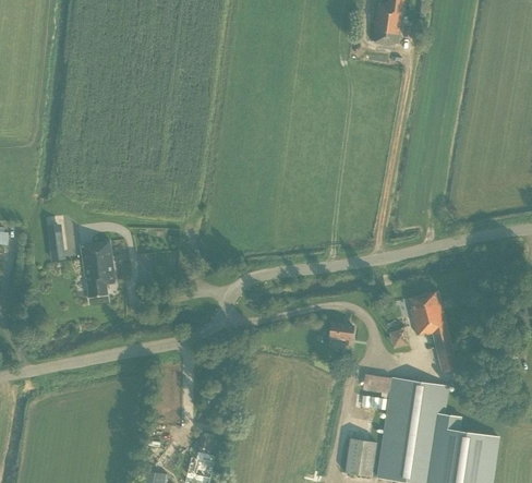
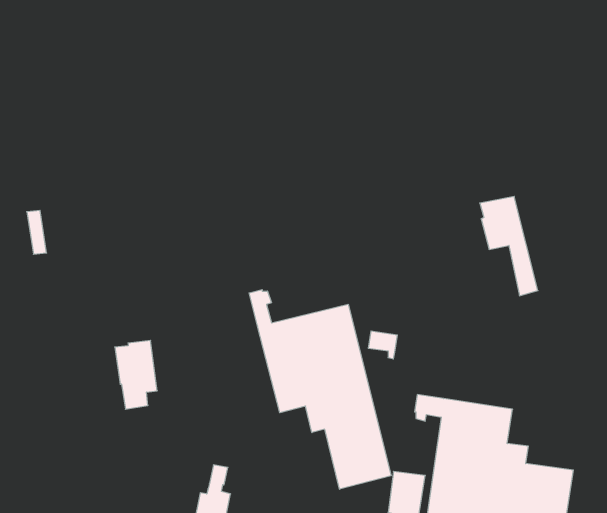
building: [81,240,116,297] -> [115,340,157,409]
building: none -> [249,290,391,489]
building: [409,291,457,373] -> [480,196,538,296]

